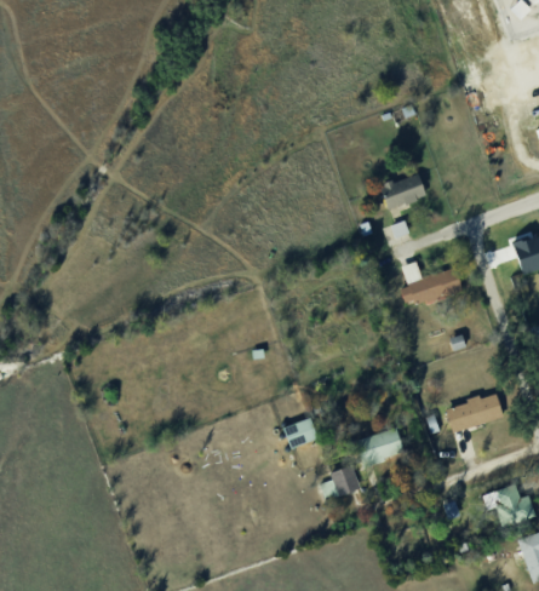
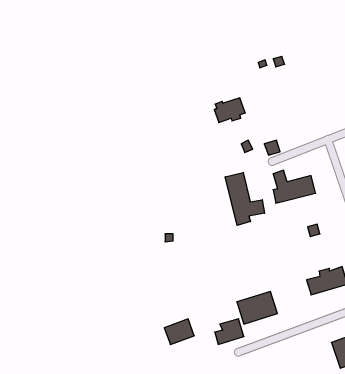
building: [383,173,425,207] -> [214,98,245,123]
building: none -> [225,172,265,225]
building: [282,415,323,451] -> [164,319,194,345]

